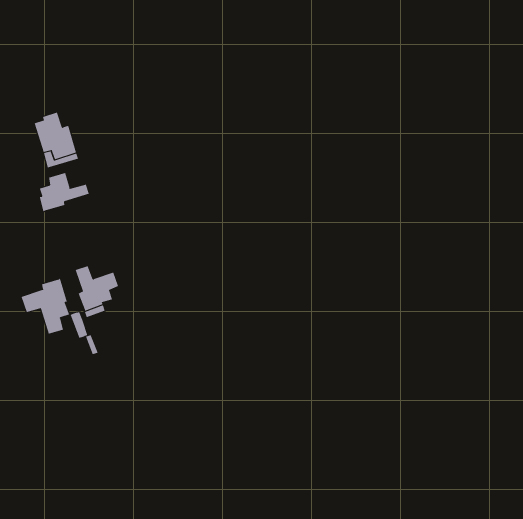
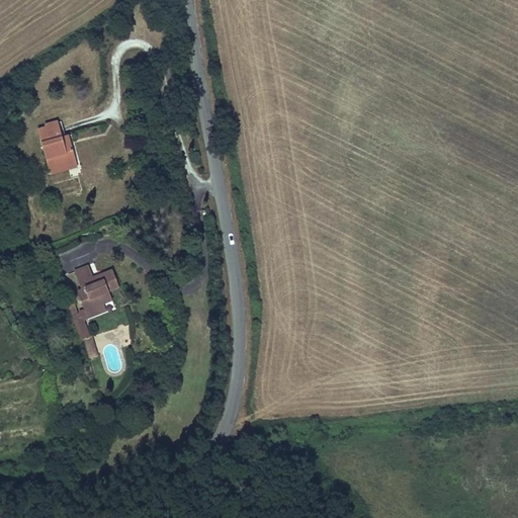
building: [39,172,90,212] -> none
building: [21,278,70,335] -> none

